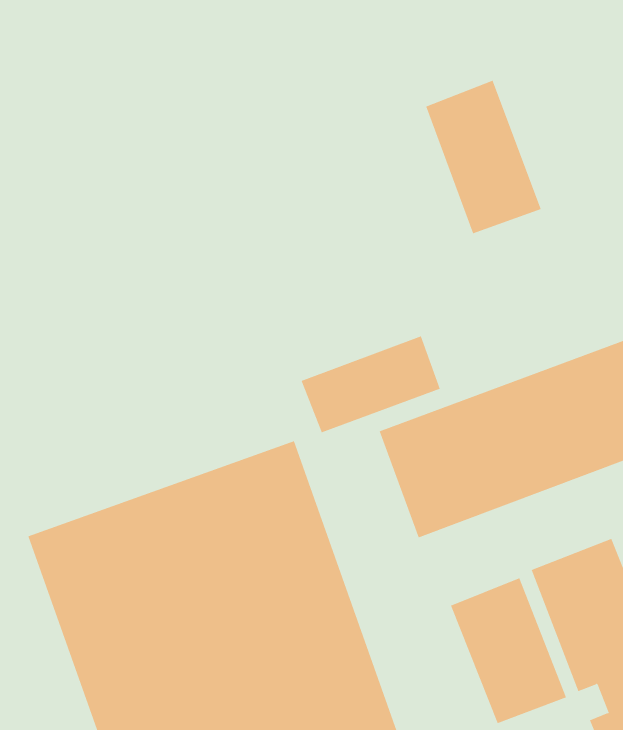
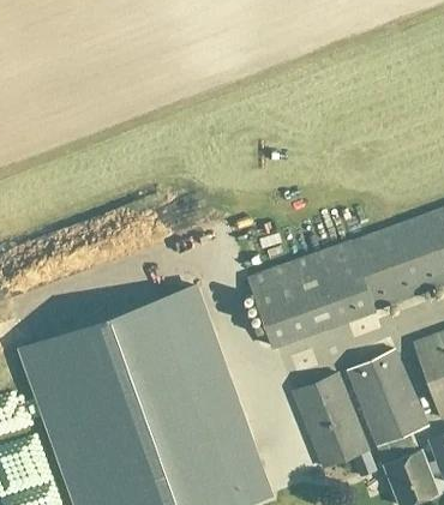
building: [425,80,541,234] -> none
building: [301,335,440,433] -> none

